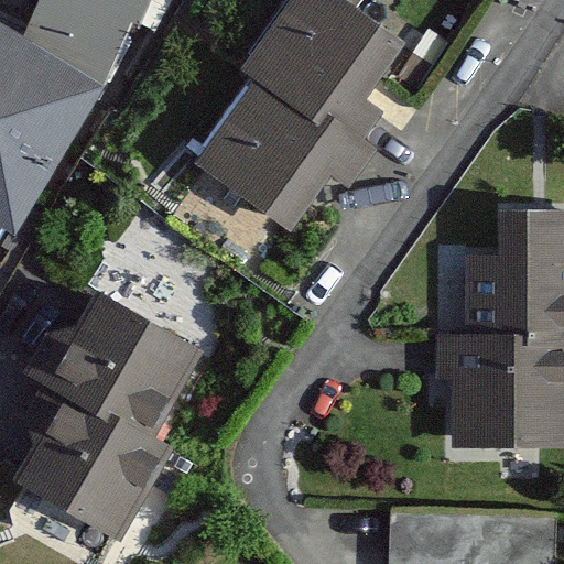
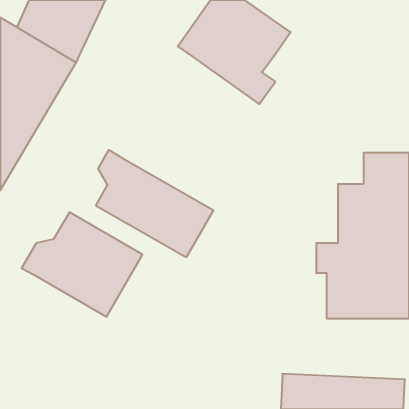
building: [195,74,368,230] -> none
building: none -> [96,150,213,257]
building: [15,378,167,535] -> none

